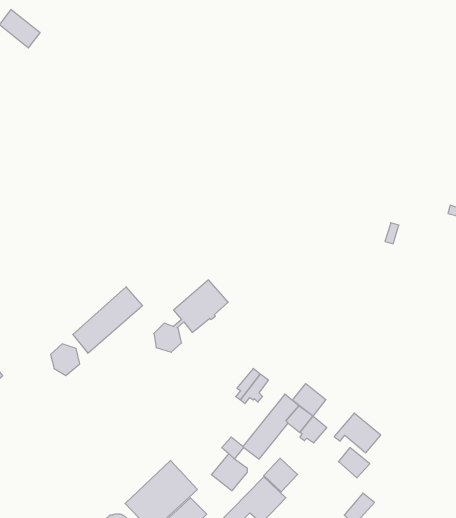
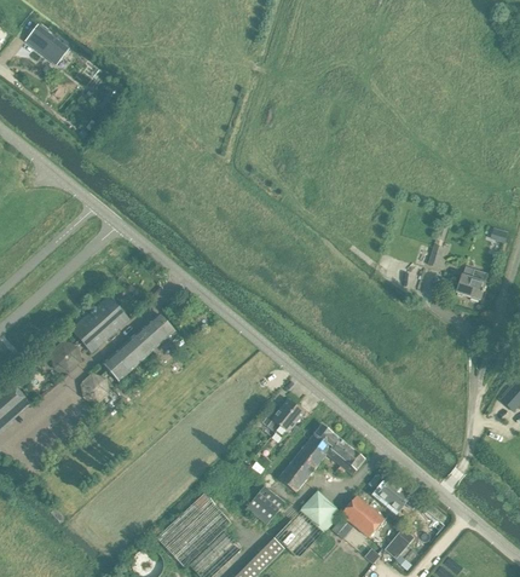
building: none -> [455,272,486,300]
building: [154,280,228,352] -> [51,296,128,371]
building: [293,384,326,416] -> none
building: [334,413,381,453] -> [335,495,383,536]

